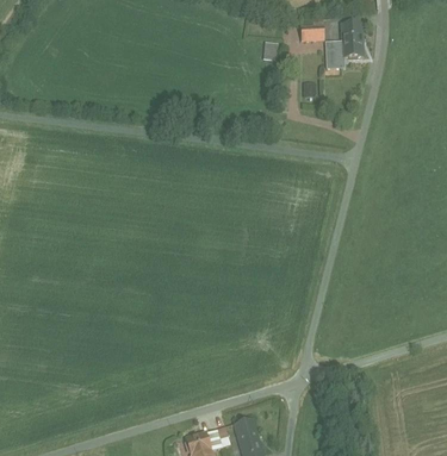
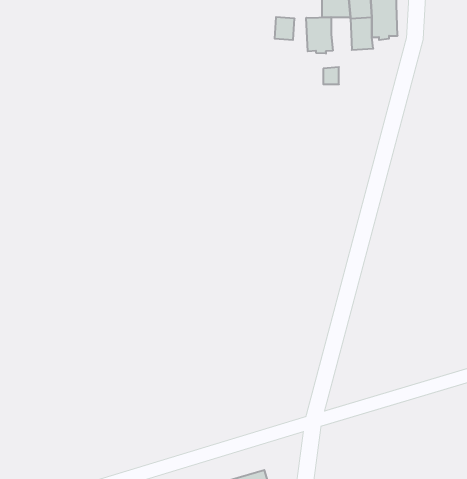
building: none -> [306,17,333,54]

